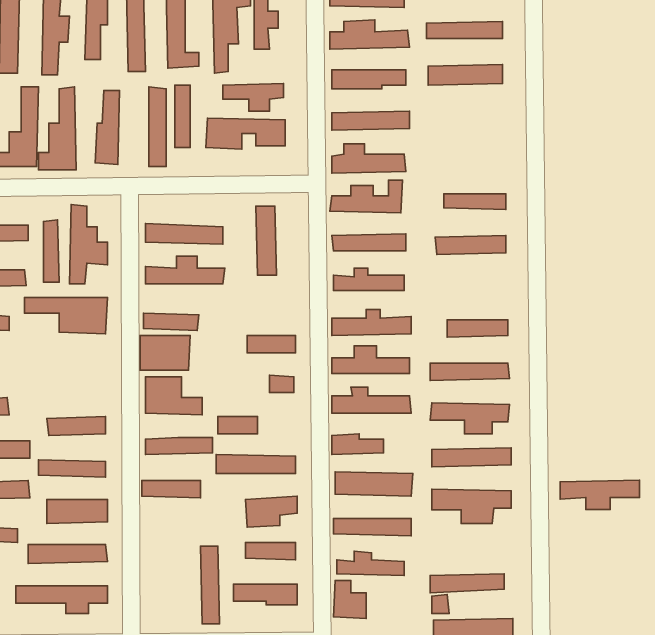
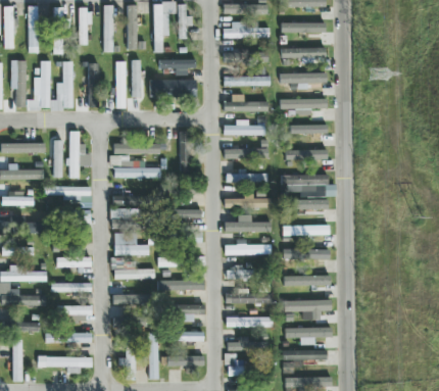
building: none -> [281,72,327,89]
building: none -> [281,98,328,115]
building: none -> [282,175,337,196]
building: [560,480,639,510] -> [285,327,332,344]

